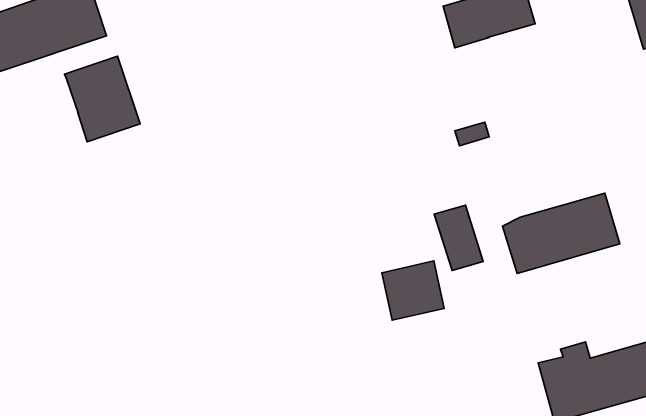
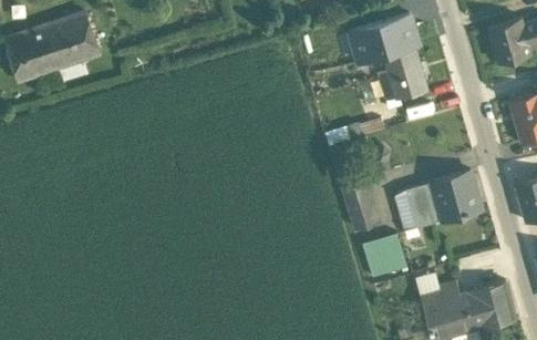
building: none -> [380,47,426,101]
building: [64,56,140,142] -> none
building: [382,261,444,320] -> [360,233,406,277]

